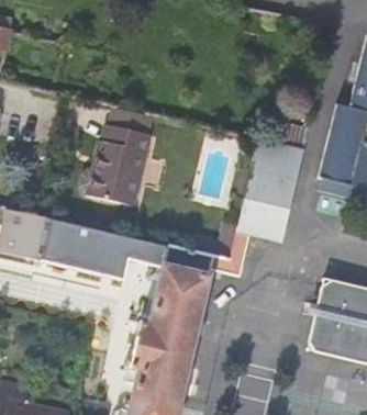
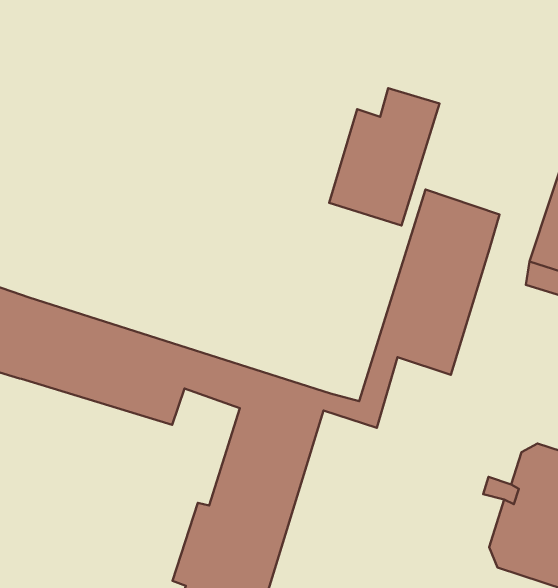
building: [80,124,138,201] -> [329,88,440,226]

